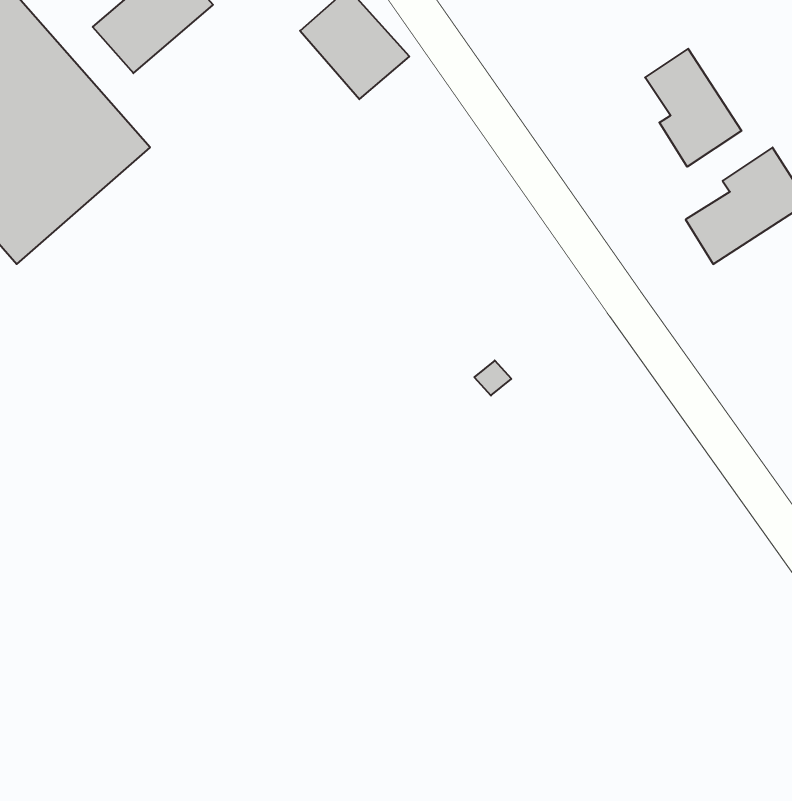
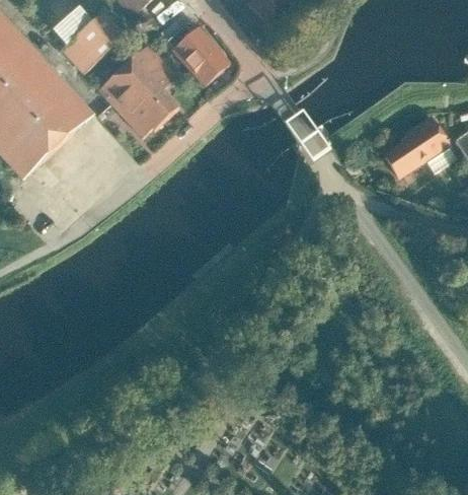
building: none -> [97,43,181,140]
building: [645,49,741,167] -> none

